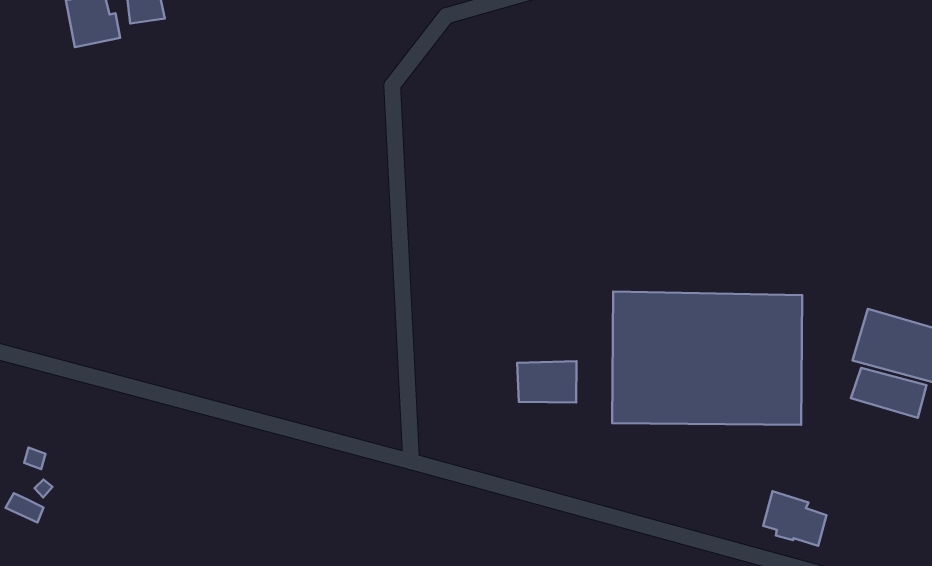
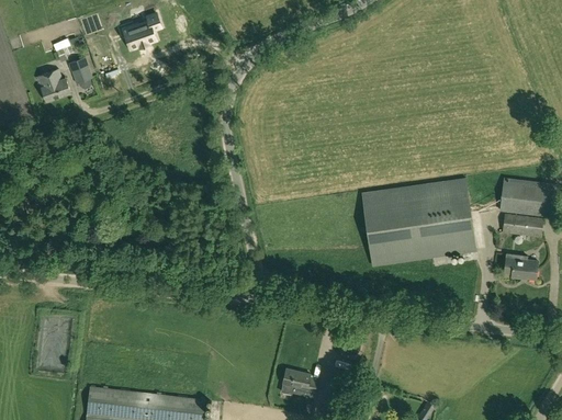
building: [517,361,577,403] -> none
building: [763,491,827,546] -> [503,253,537,280]

